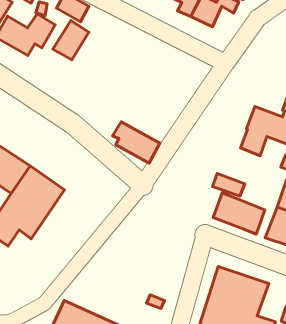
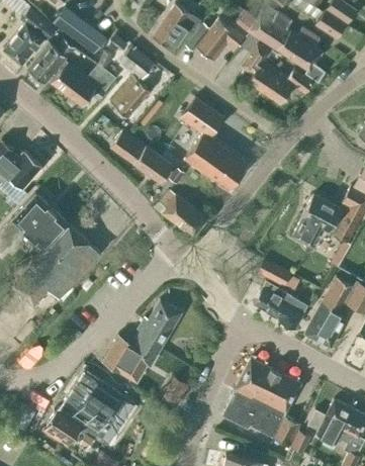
building: none -> [181,98,248,190]
building: none -> [111,131,184,184]
building: none -> [103,300,181,380]

